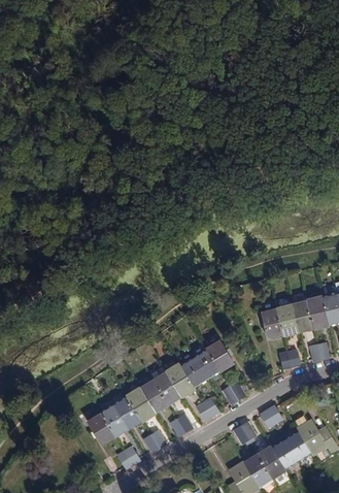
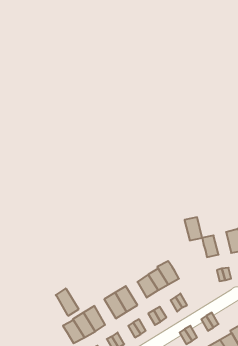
building: [275,304,297,333] -> [185,217,202,240]
building: [165,362,194,396] -> none
building: [126,387,155,421] -> [56,288,79,316]

